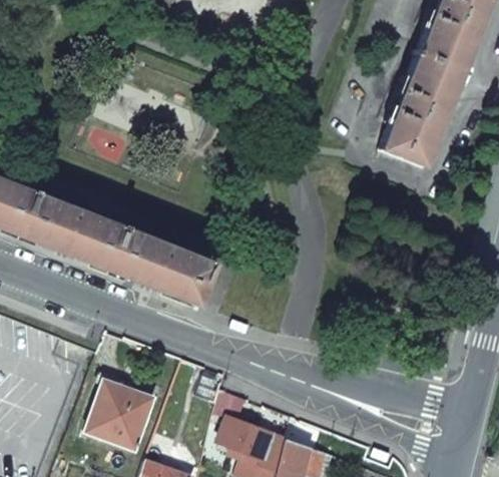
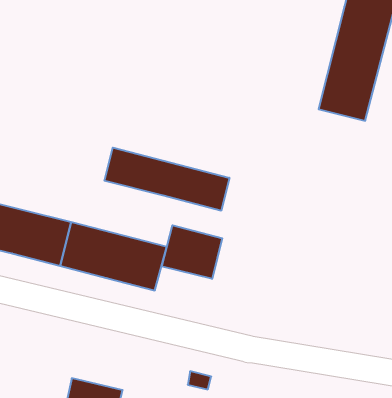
building: none -> [104,148,229,211]
building: none -> [162,225,222,279]

